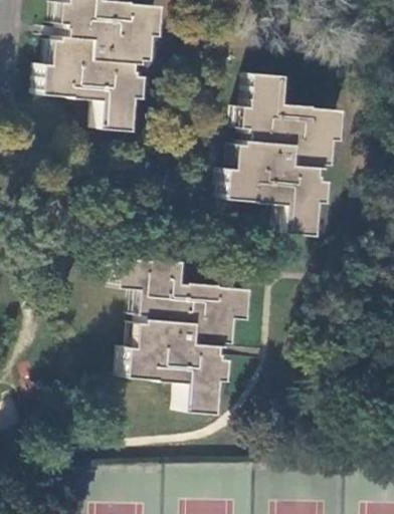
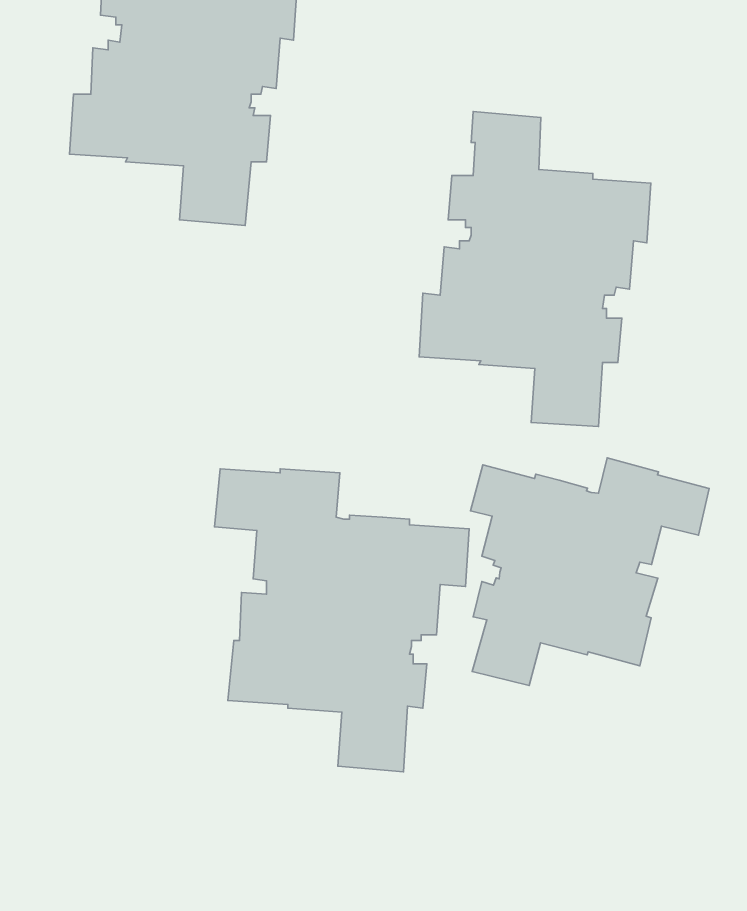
building: none -> [470,458,709,686]

